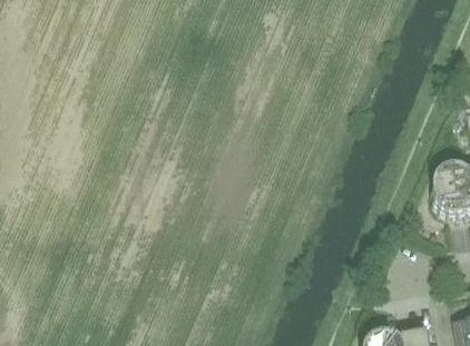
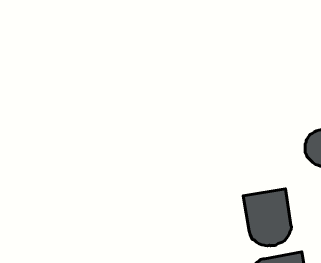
building: none -> [243,189,291,246]

